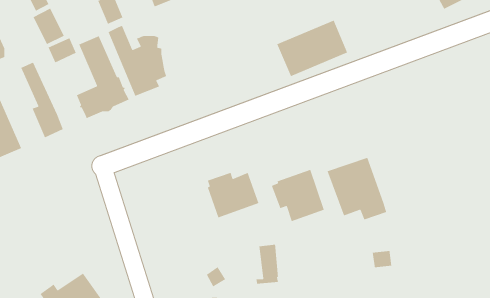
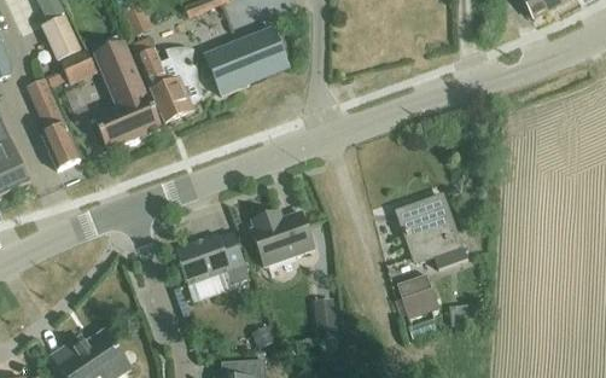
building: [276,19,348,77] -> [204,24,290,93]
building: [271,169,325,222] -> none
building: none -> [173,232,249,285]
building: none -> [395,273,437,316]

